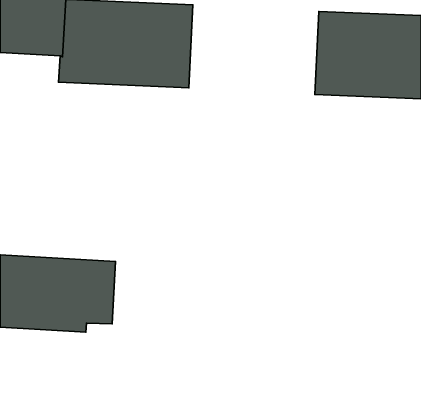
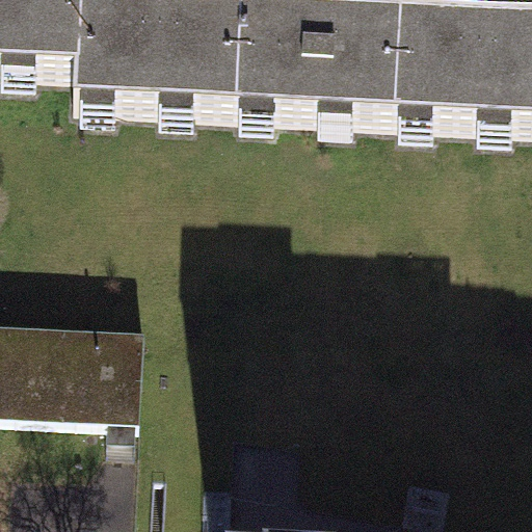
building: none -> [238,6,402,119]

